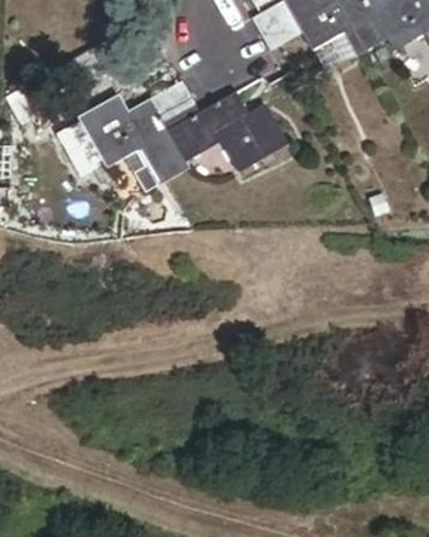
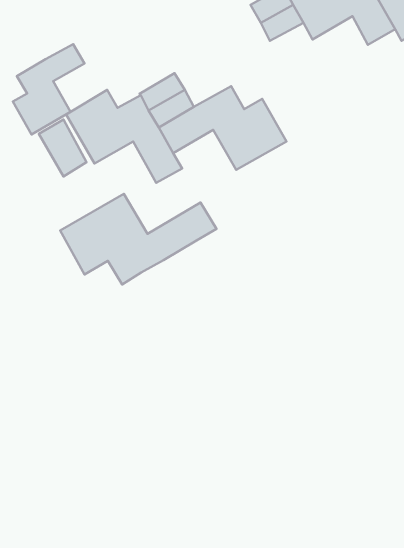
building: none -> [13,44,85,134]
building: none -> [60,194,217,285]

